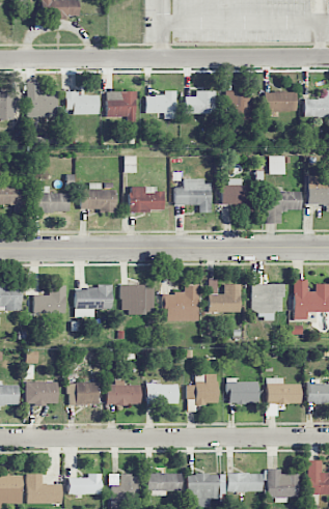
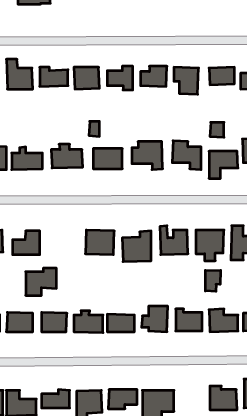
building: [76,285,112,317] -> [26,268,56,295]
building: none -> [205,270,221,291]
building: [227,473,263,491] -> none

